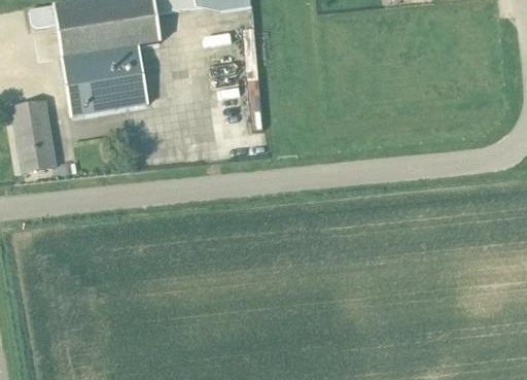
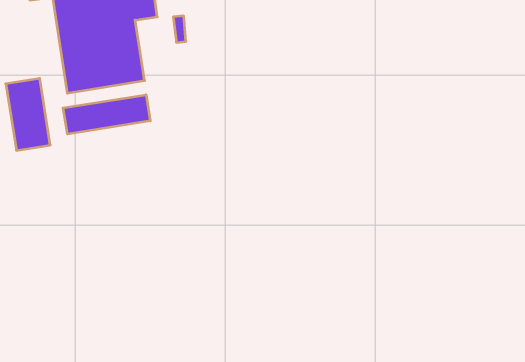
building: none -> [63,95,150,134]

